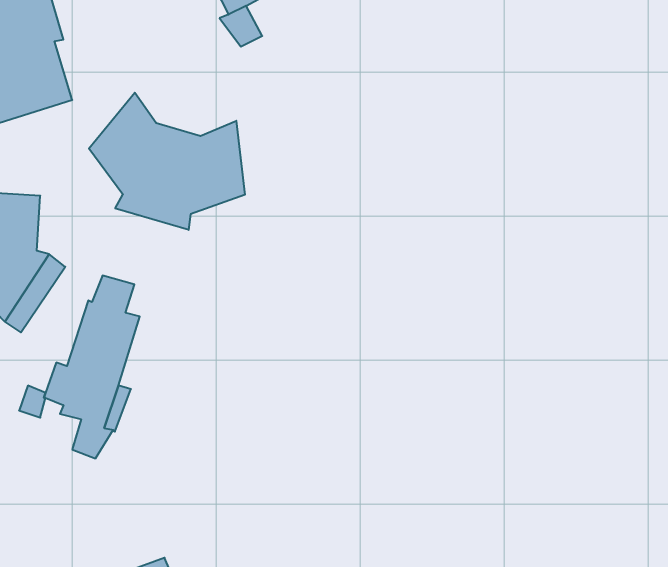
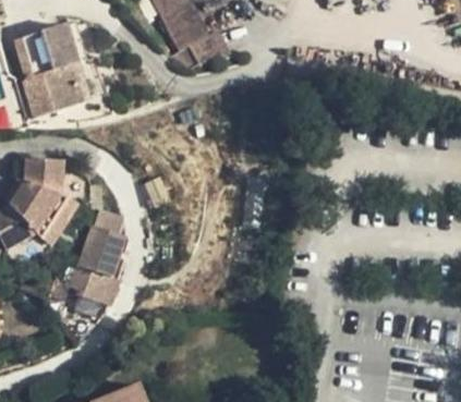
building: [89,93,245,230] -> none

